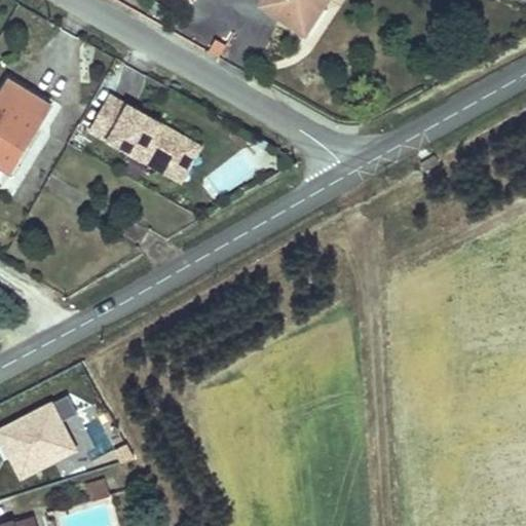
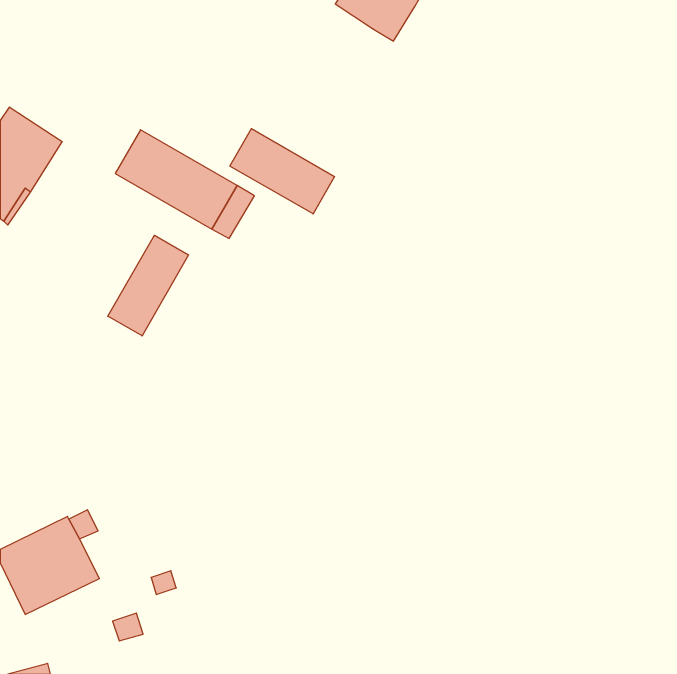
building: none -> [230,129,335,214]
building: none -> [108,235,189,336]

